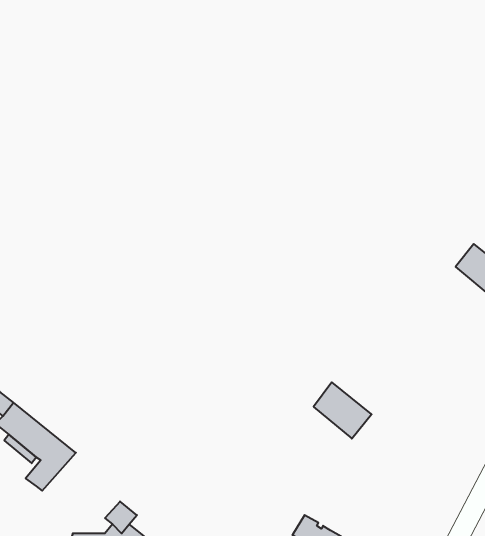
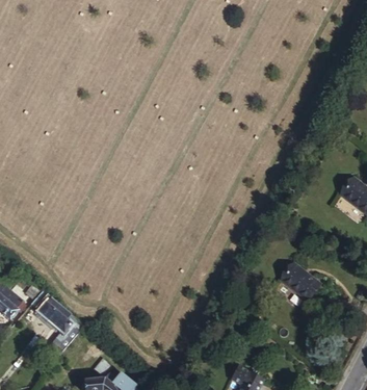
building: [314,382,372,439] -> [285,264,324,303]

